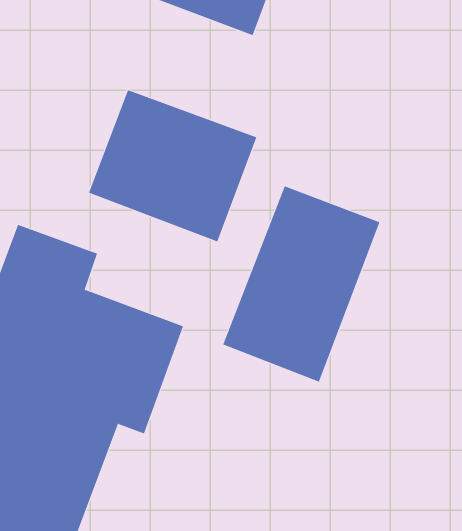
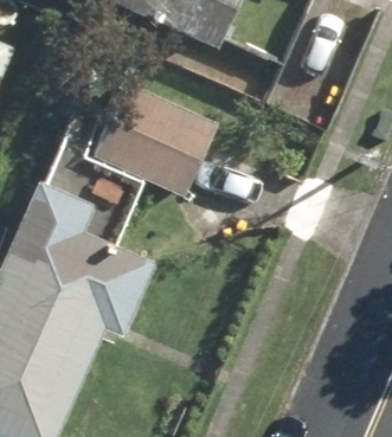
building: [223,186,380,382] -> none

